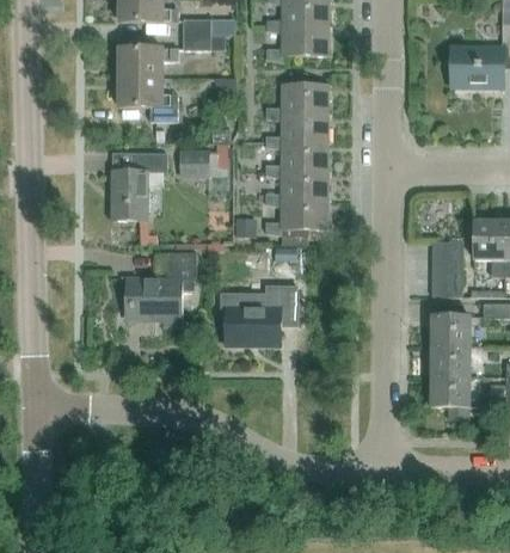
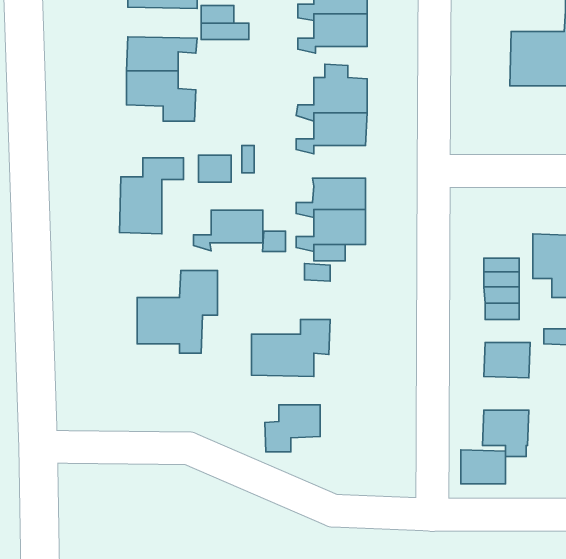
building: [265,142,326,178] -> [194,210,263,251]
building: [430,345,469,375] -> [461,450,506,484]
building: none -> [265,405,320,452]

